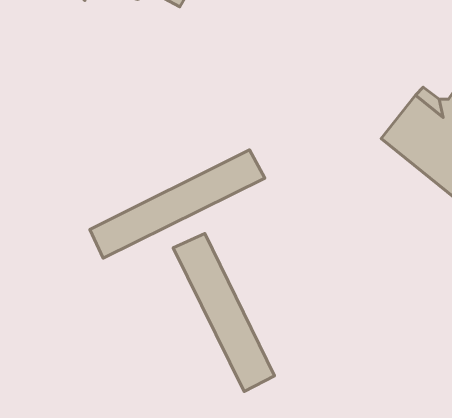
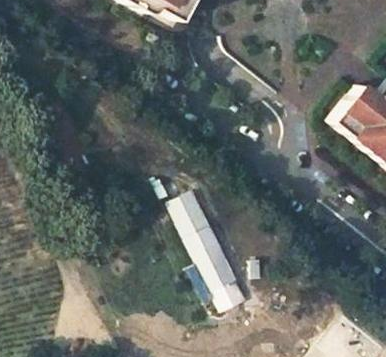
building: [90,150,265,258] -> none

